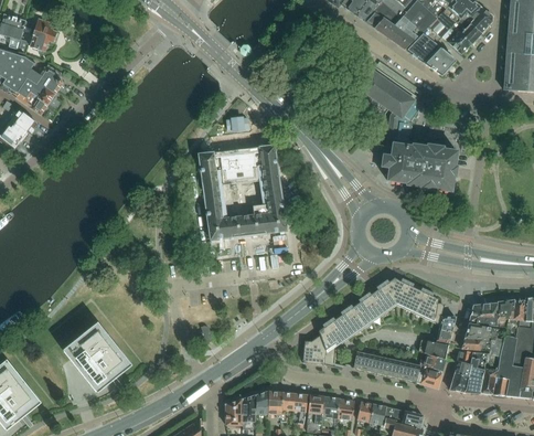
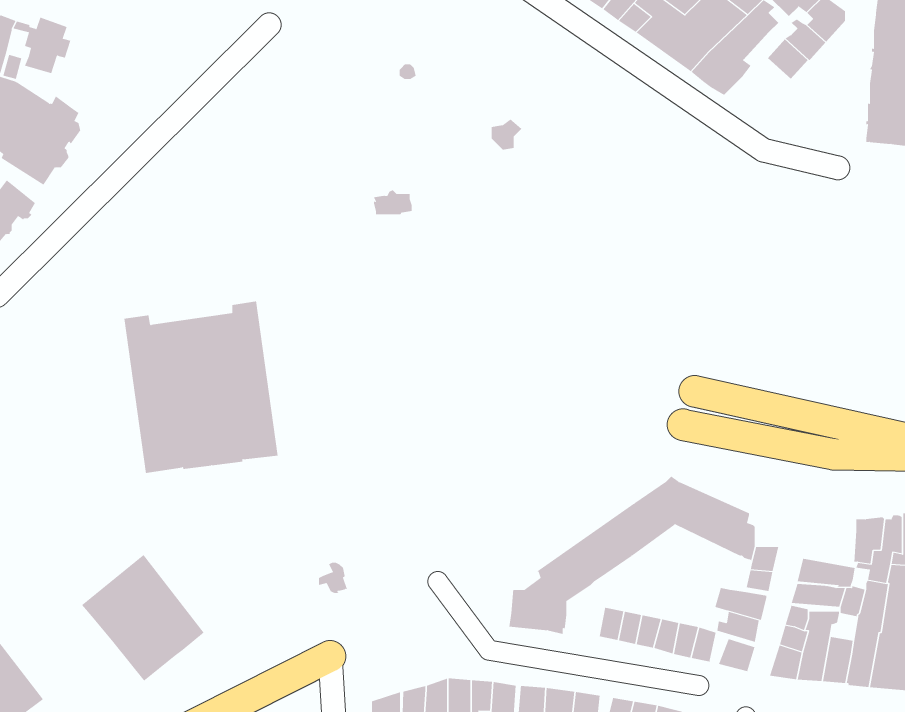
building: [424,46,456,75] -> none
building: [354,70,457,191] -> none
building: [199,145,286,242] -> [124,301,278,474]
building: [469,302,498,326] -> none

